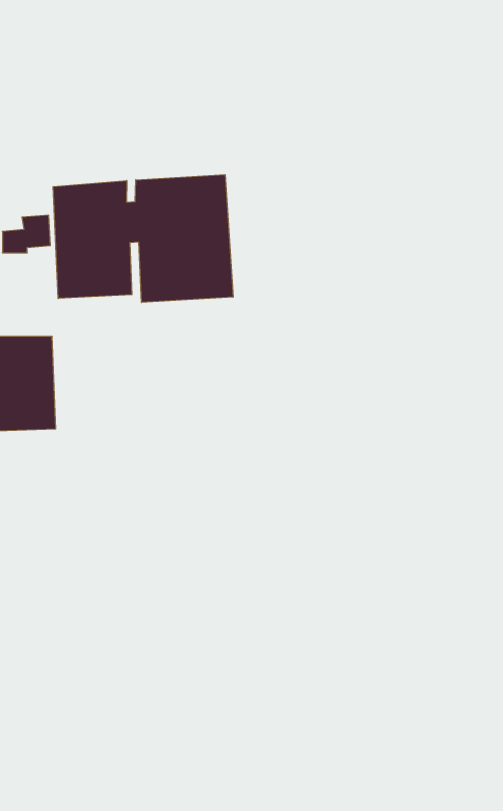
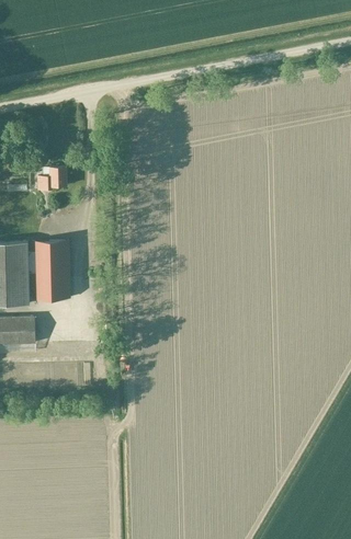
building: [53,175,233,303] -> none

